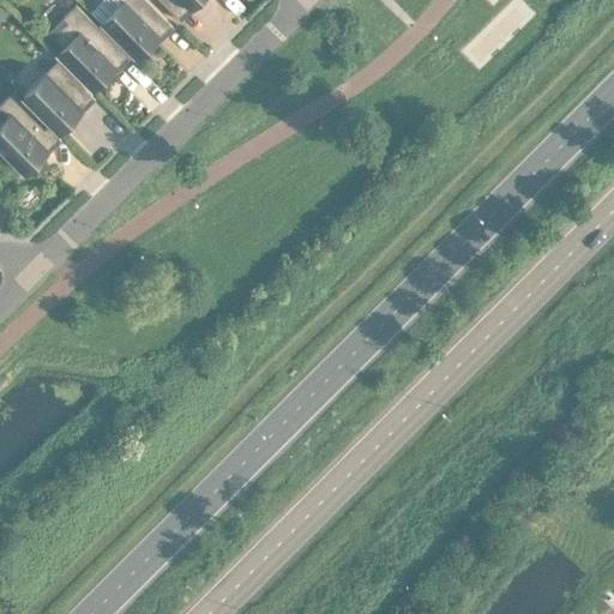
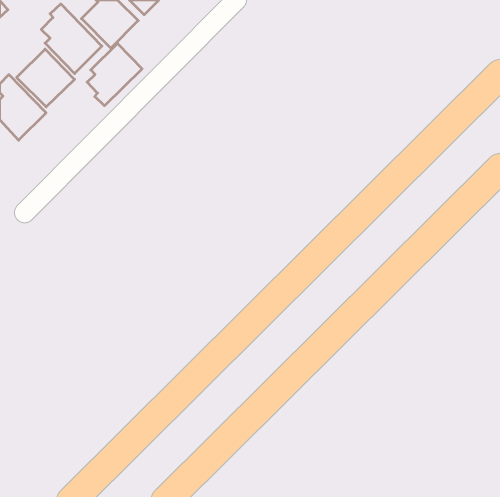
building: none -> [87,43,142,106]

